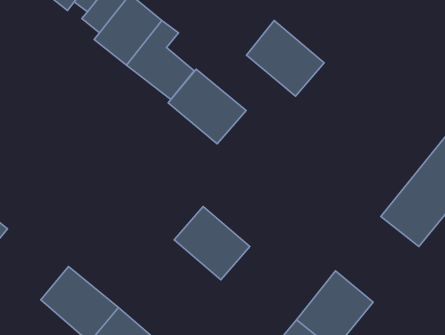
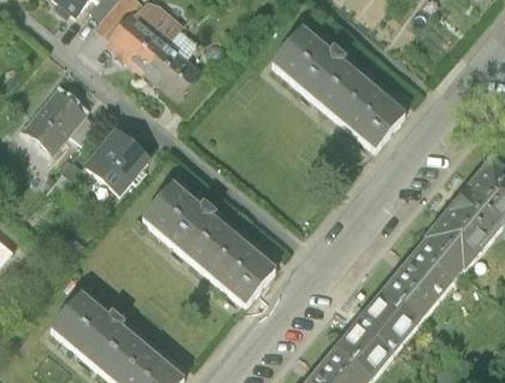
building: none -> [327,72,409,152]
building: [168,69,246,144] -> [142,183,227,264]
building: none -> [23,88,89,155]
building: none -> [86,129,153,196]
building: none -> [370,238,460,331]

